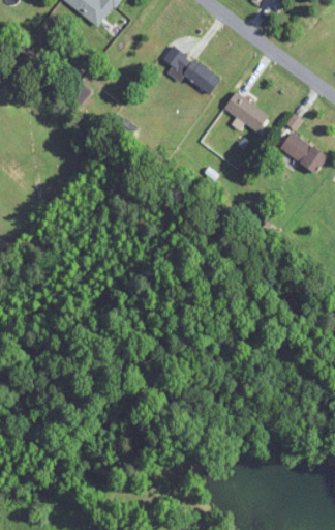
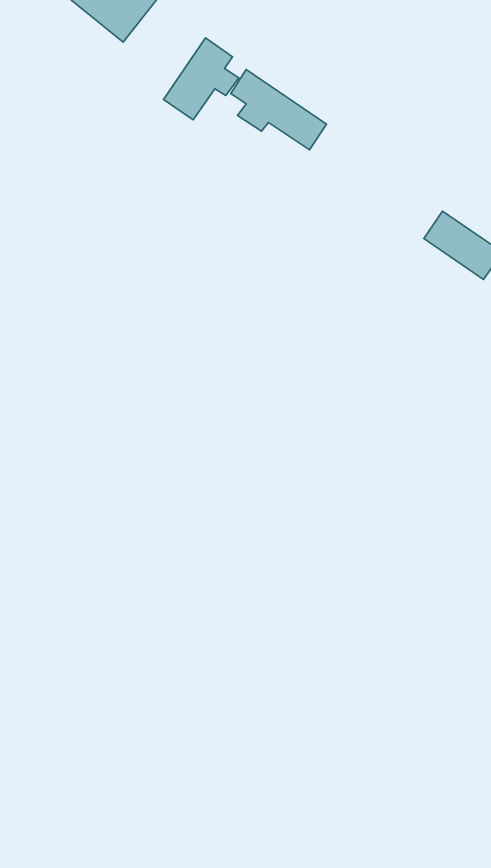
building: none -> [163,38,239,120]
building: [223,91,268,131] -> none

